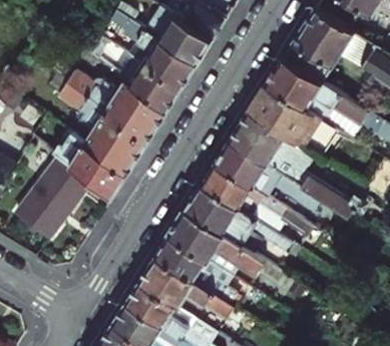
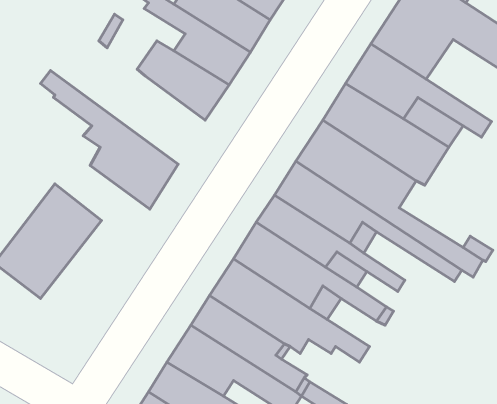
building: [49,61,165,142] -> none
building: [52,133,126,198] -> none

